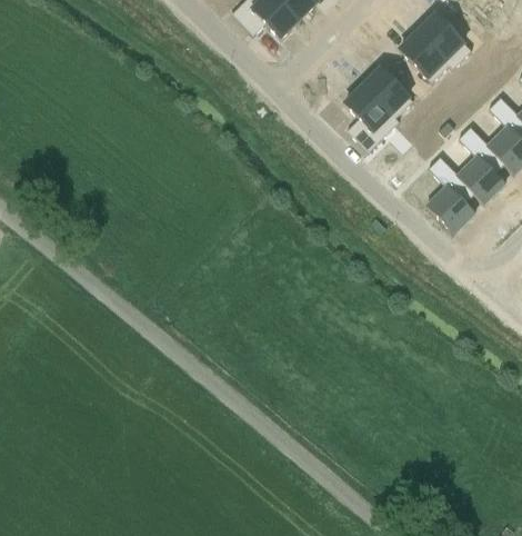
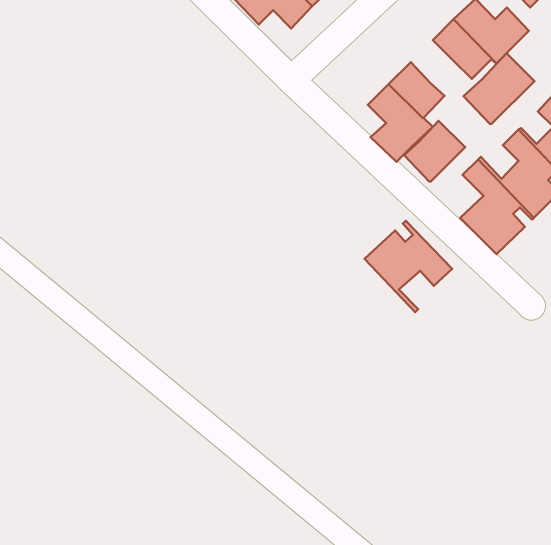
building: none -> [464,53,534,124]
building: none -> [404,121,465,182]
building: none -> [364,221,452,312]

